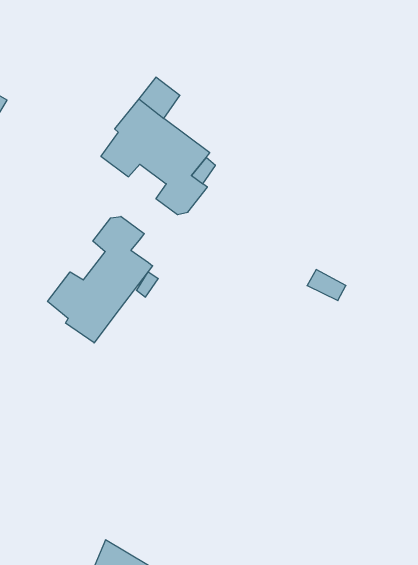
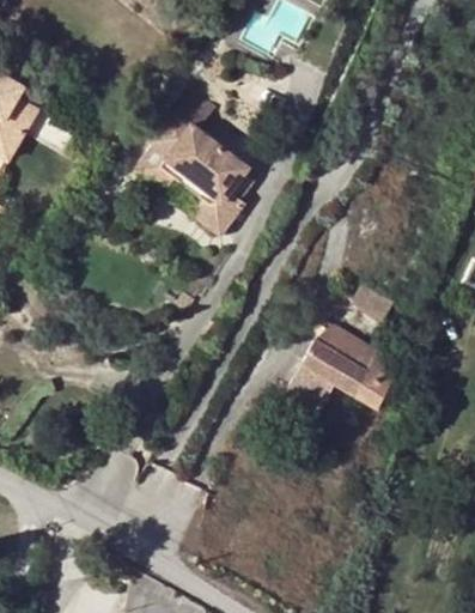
building: [48,216,153,343] -> none
building: none -> [286,328,398,411]

